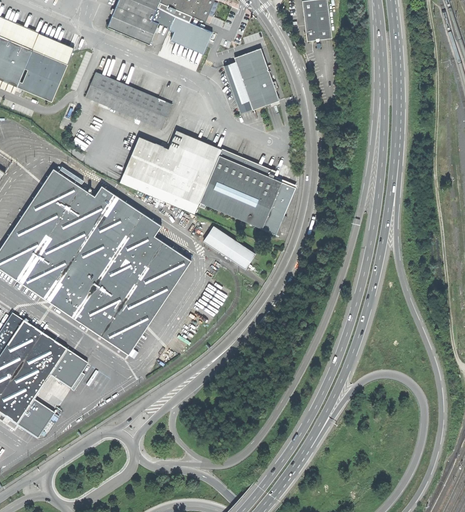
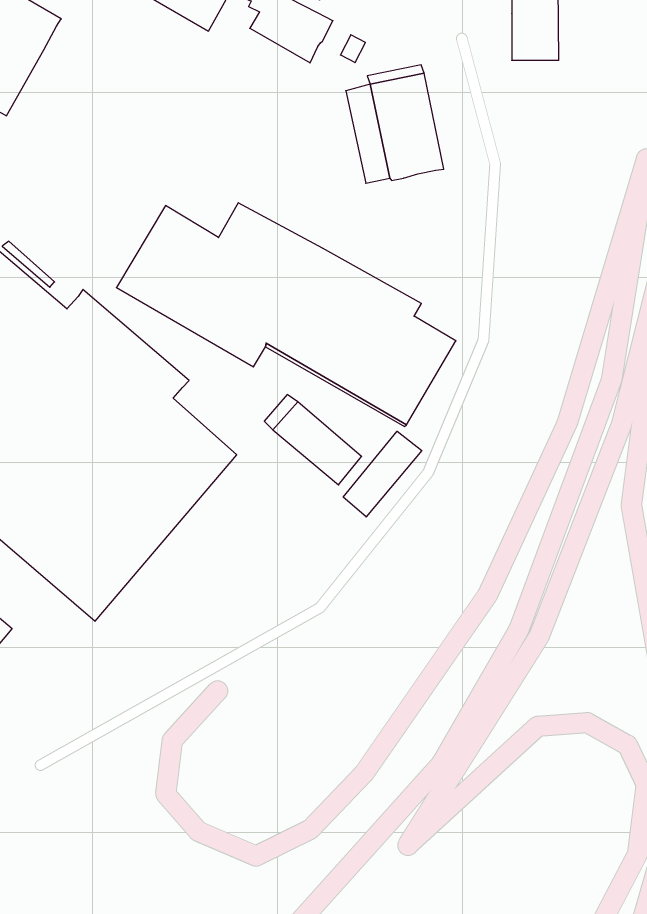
building: [85,72,171,129] -> none
building: none -> [343,431,422,517]

